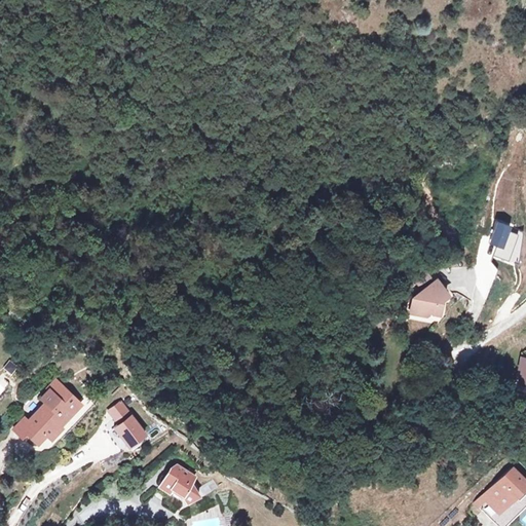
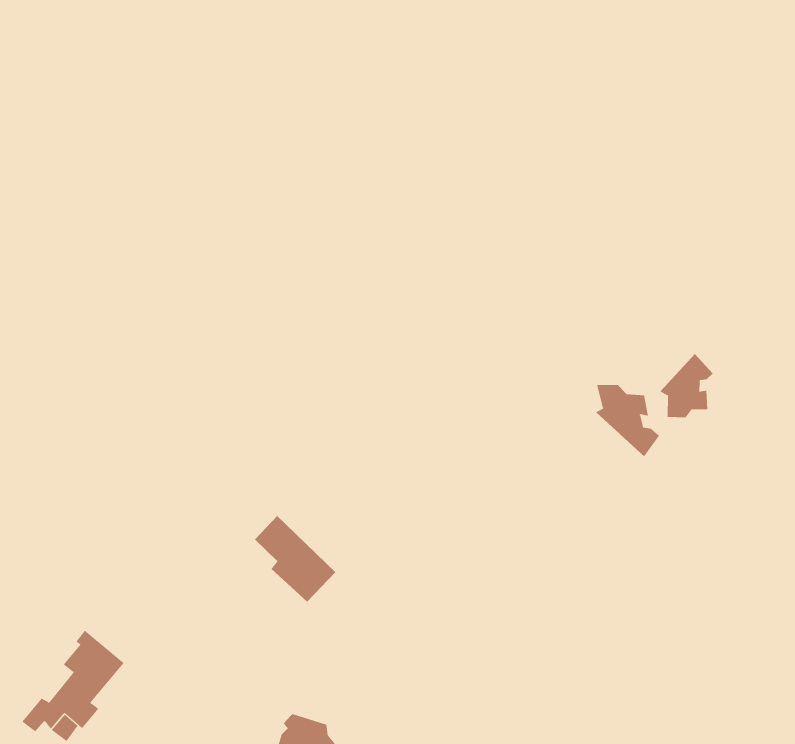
building: none -> [595,384,660,457]
building: [104,398,149,451] -> [254,515,336,603]

